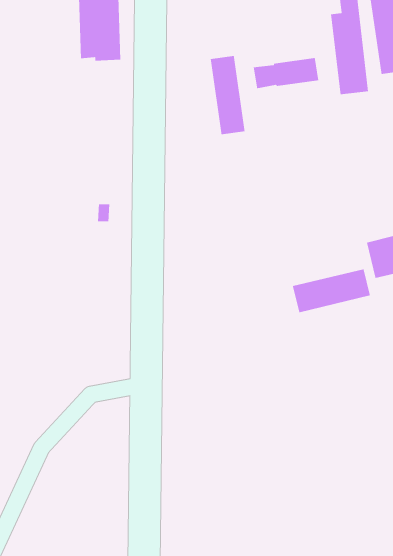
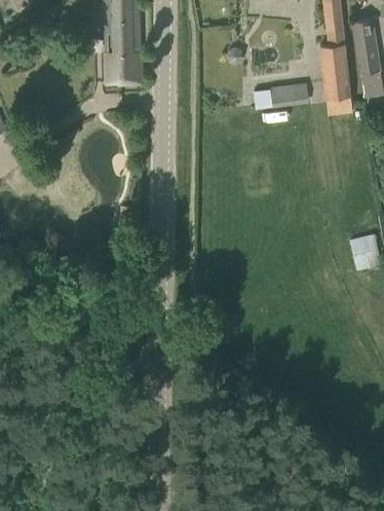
building: [210,55,245,135] -> none
building: [292,268,371,313] -> none

